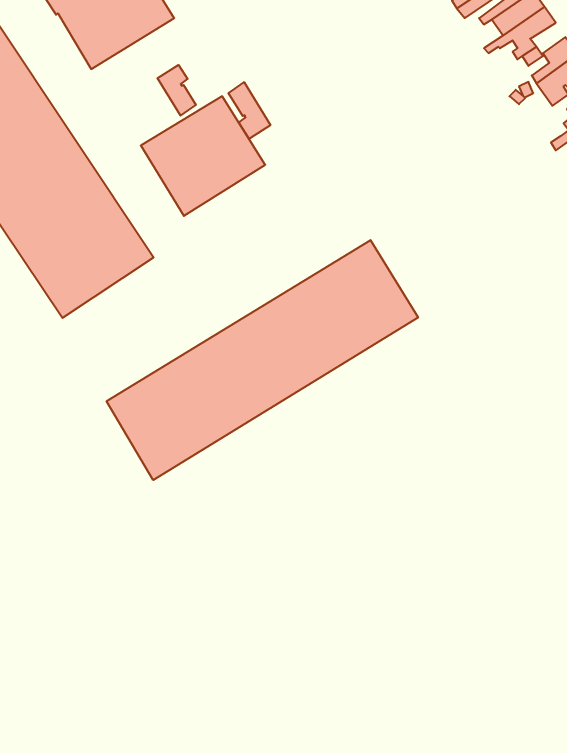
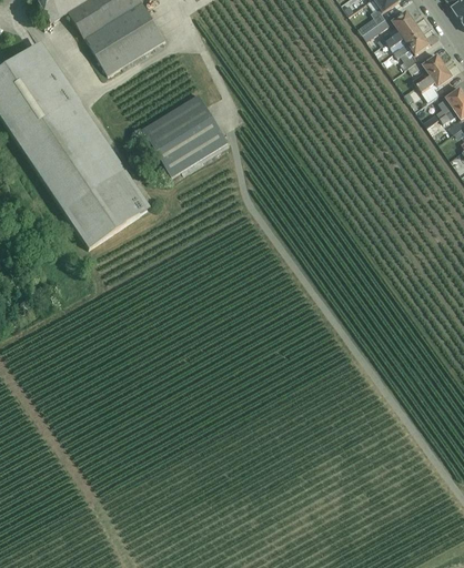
building: [157,65,196,116] -> none
building: [228,82,270,139] -> none
building: [107,240,418,480] -> none

